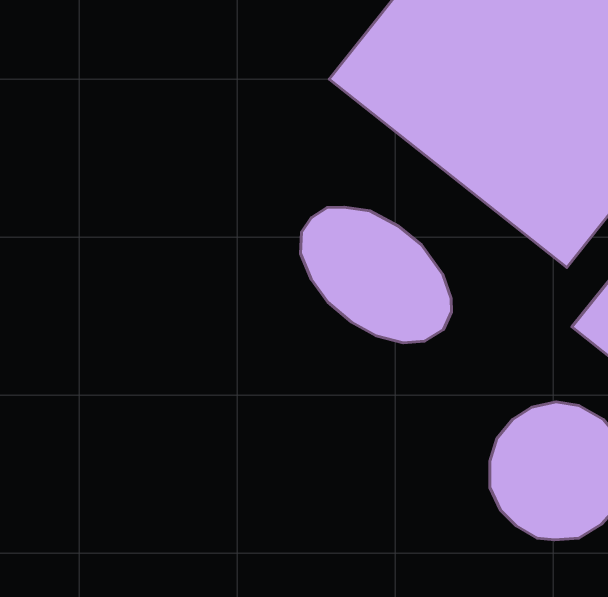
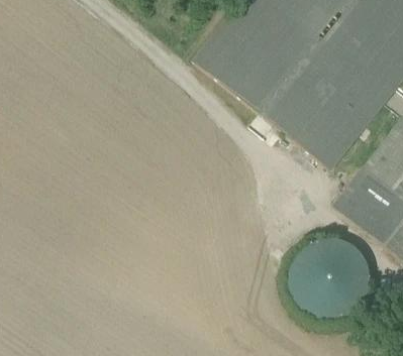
building: [300,207,452,343] -> none

